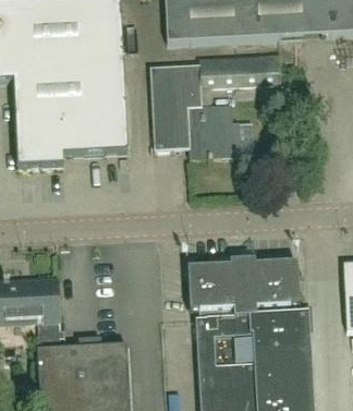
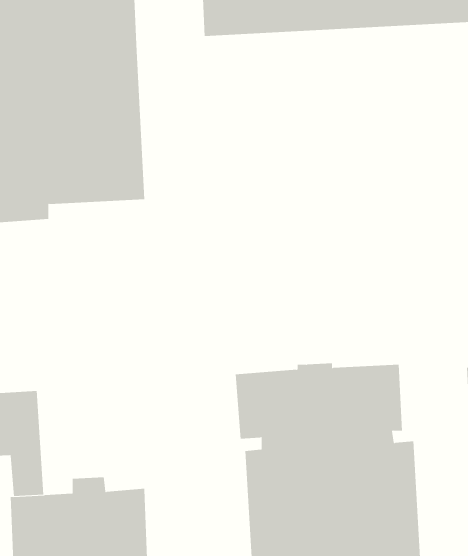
building: [149,55,281,157] -> none

